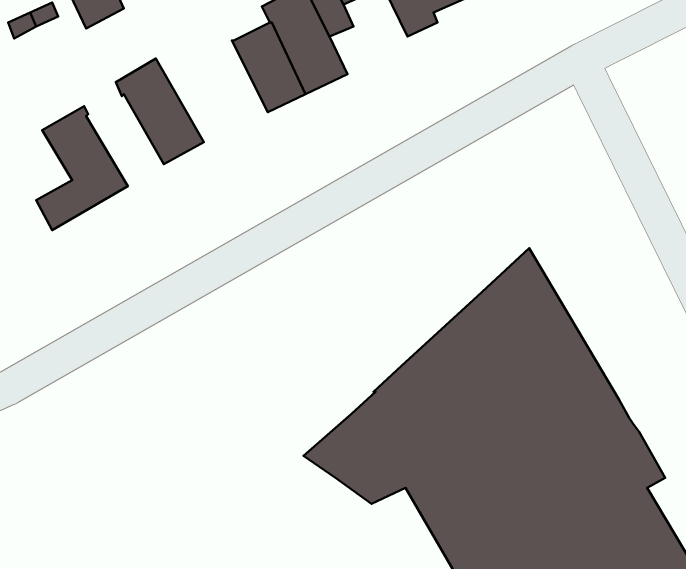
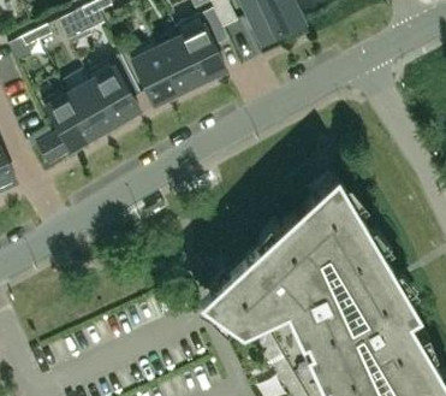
building: none -> [129,41,178,105]
building: none -> [69,82,115,137]

